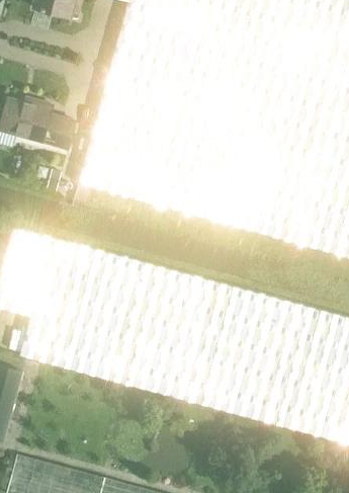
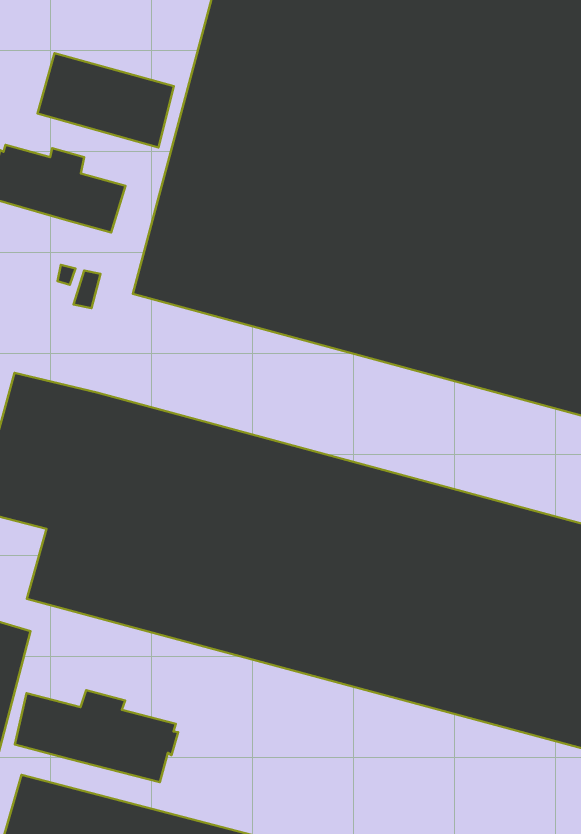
building: none -> [38,53,174,147]
building: none -> [15,690,178,782]

